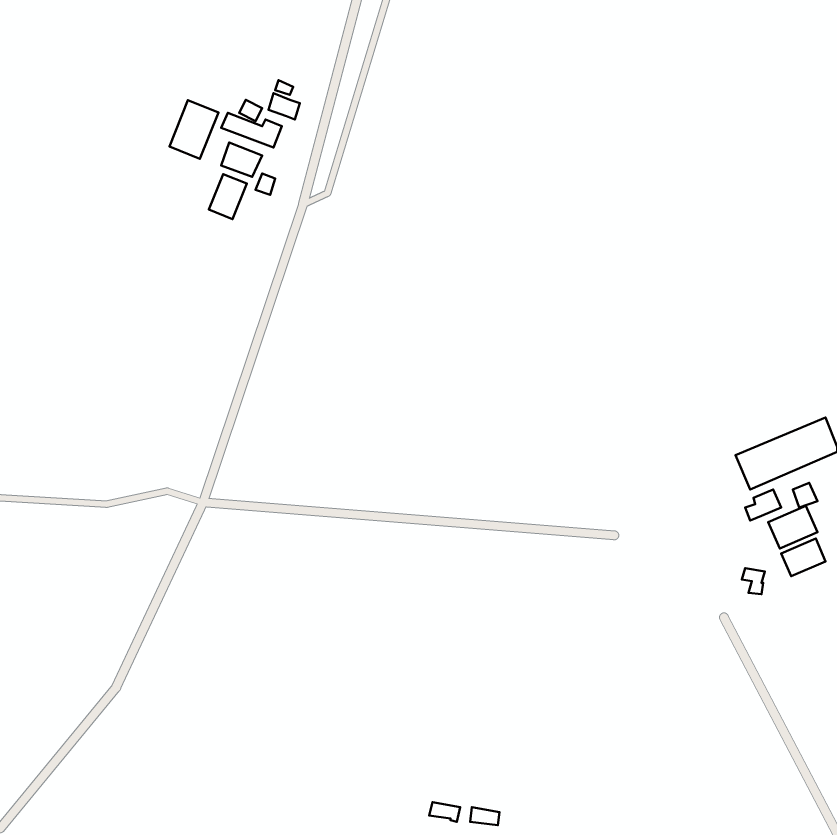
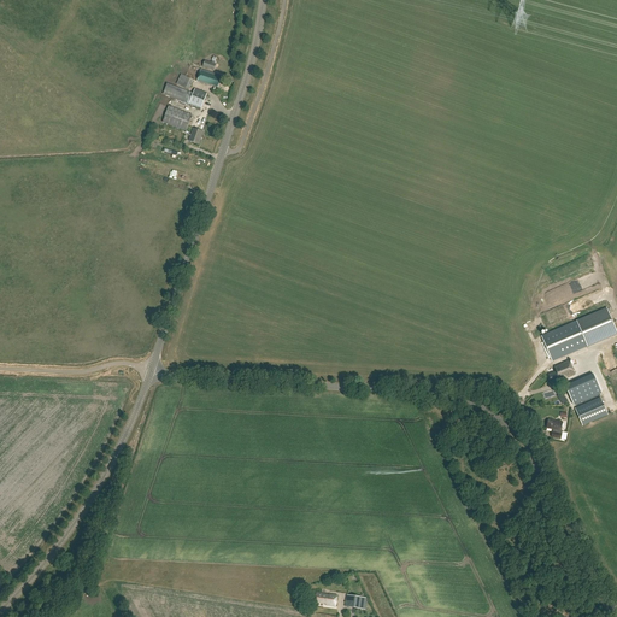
building: [169,100,218,159] -> none
building: [209,174,247,219] -> none

